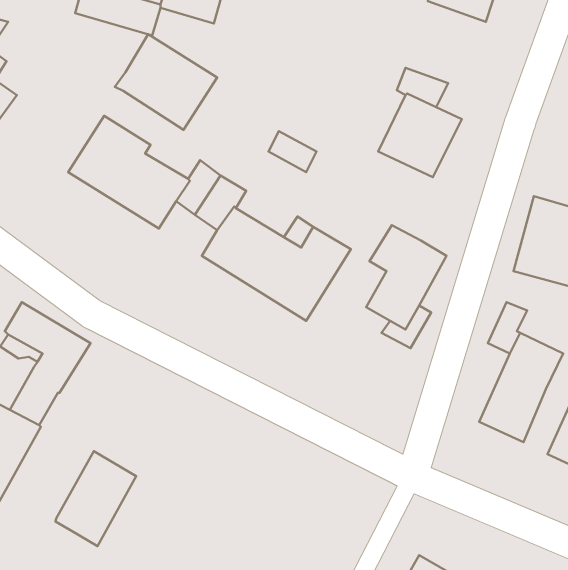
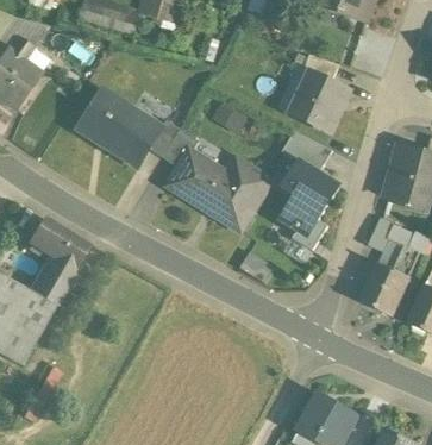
building: [115,34,217,130] -> none
building: none -> [282,132,333,175]
building: [55,451,136,546] -> none

